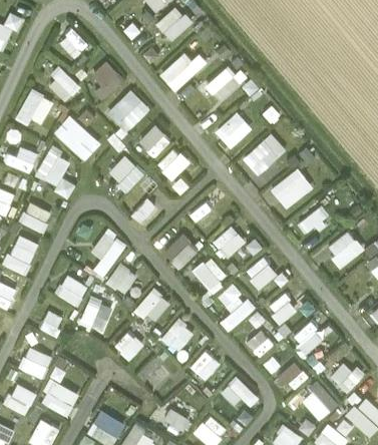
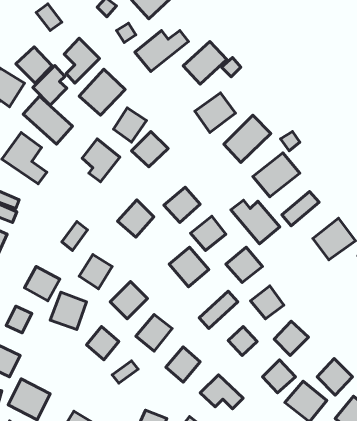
building: none -> [33,66,67,105]
building: none -> [231,200,280,244]
building: [162,235,197,270] -> [117,200,154,237]

